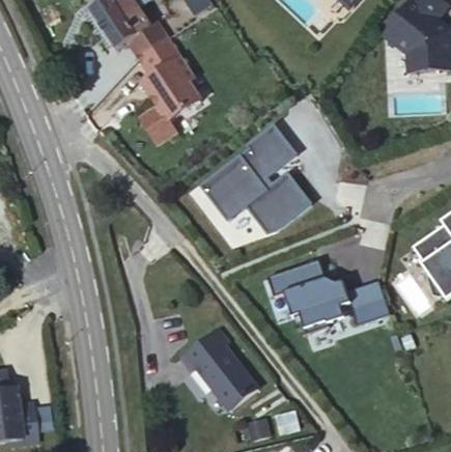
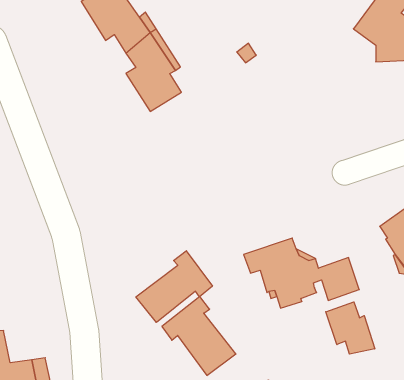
building: [200,125,310,234] -> none
building: none -> [136,251,212,322]
building: none -> [326,302,375,354]

